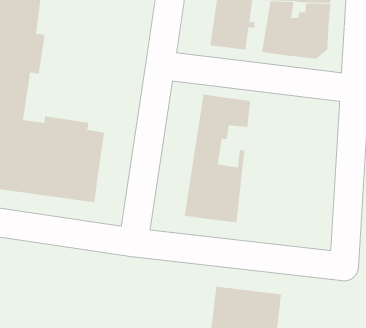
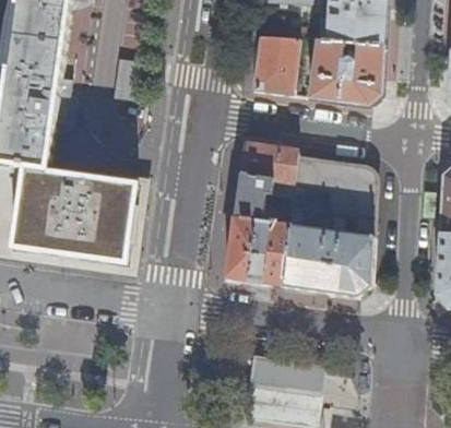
building: none -> [281,156,375,295]

